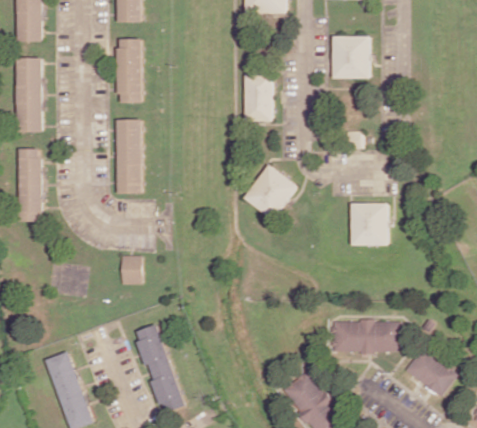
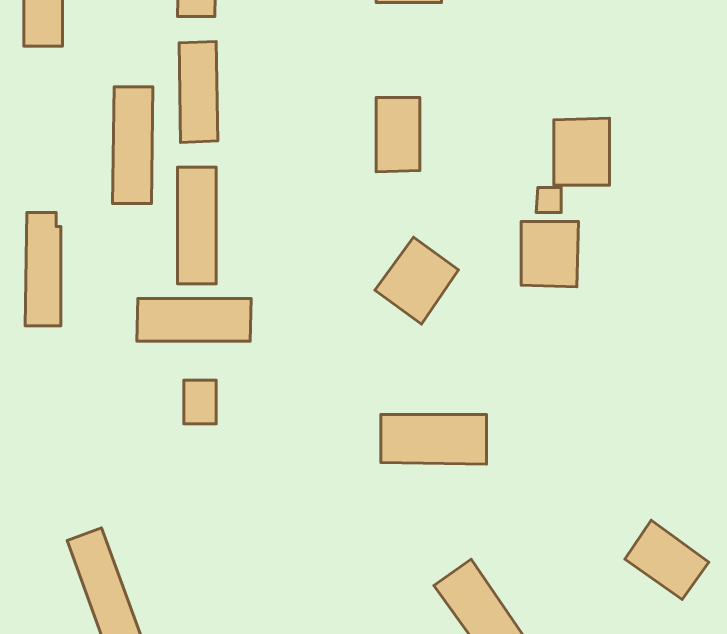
building: [333,35,369,78] -> [554,118,610,185]
building: [16,57,42,132] -> [113,87,153,204]
building: [351,203,388,245] -> [521,222,578,287]
building: none -> [137,299,251,341]
building: [332,321,400,353] -> [381,414,487,464]
building: [133,324,183,412] -> none

